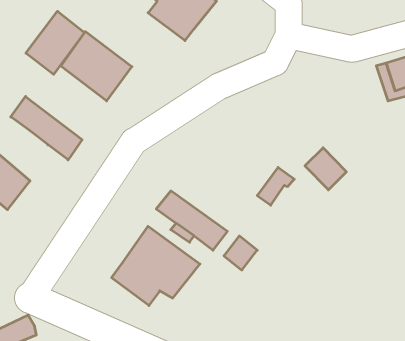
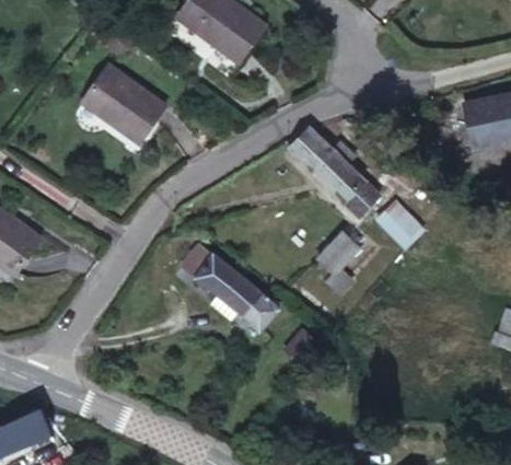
building: [26,11,84,74] -> none
building: none -> [288,129,378,216]
building: [11,96,82,160] -> none
building: [112,226,200,306] -> none

